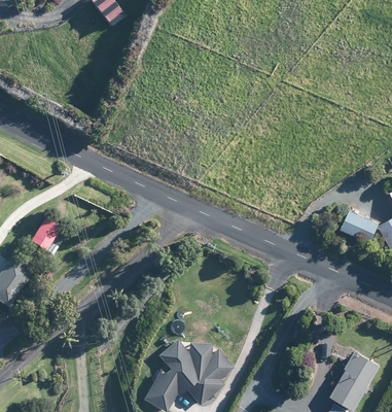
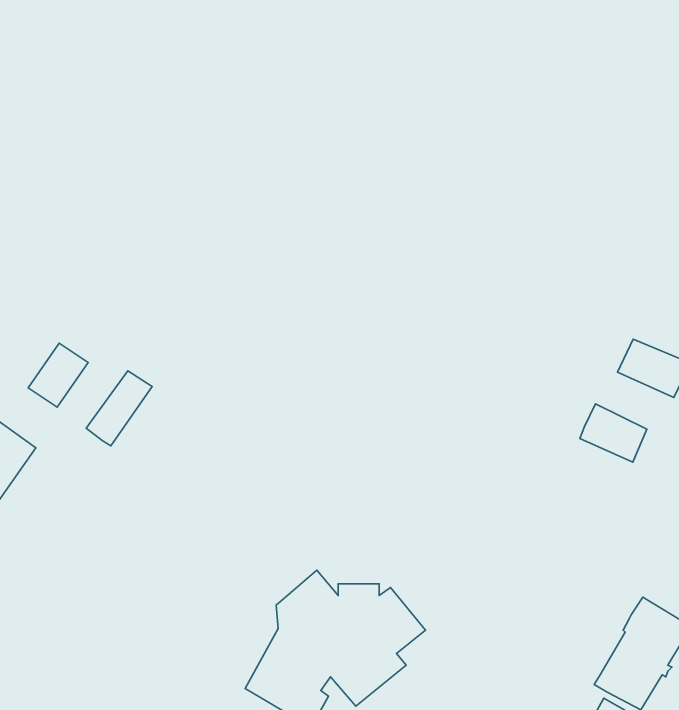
building: none -> [86,371,152,446]
building: none -> [580,404,647,462]

